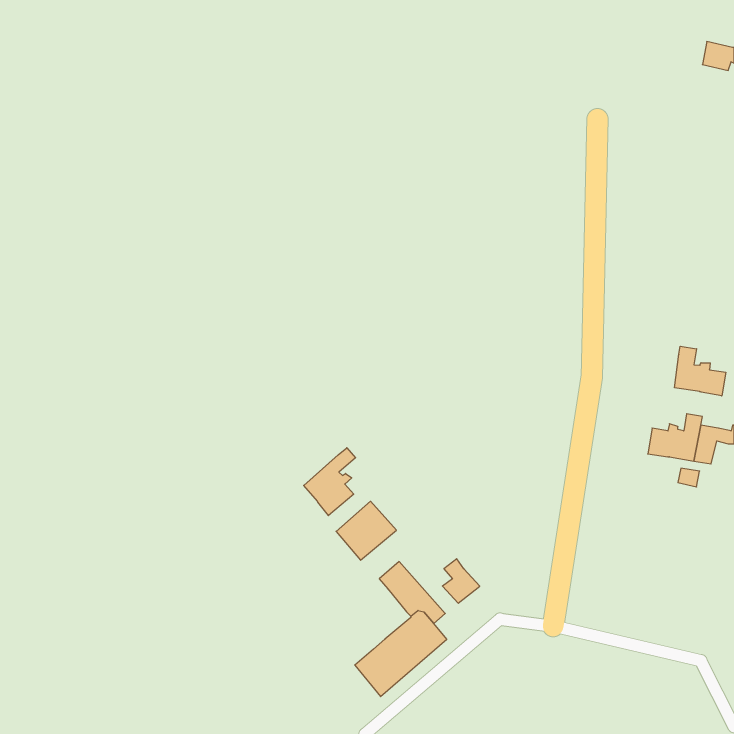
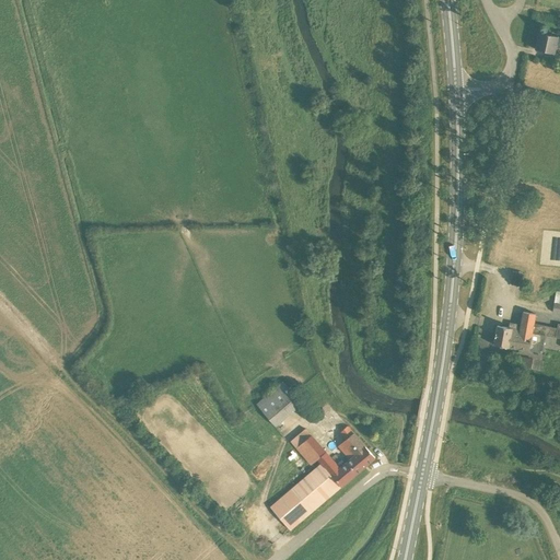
building: [675,346,726,396] -> none
building: [304,448,356,516] -> none
building: none -> [330,446,375,487]

